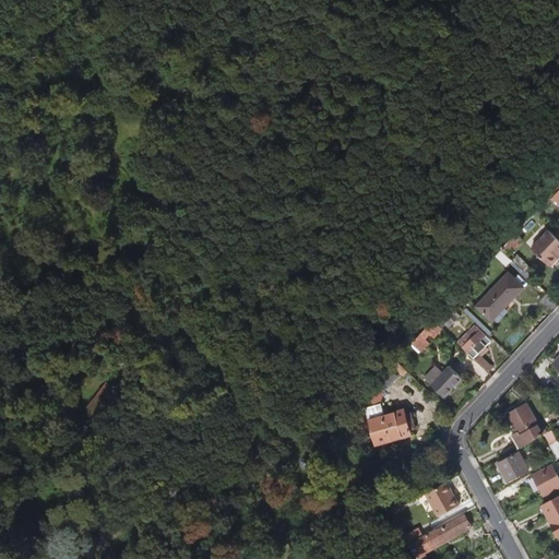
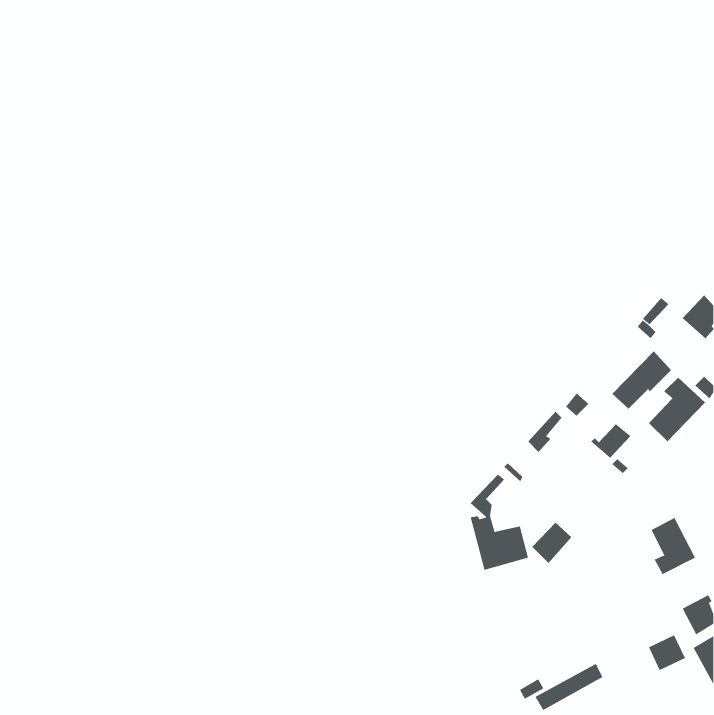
building: none -> [648,377,706,442]
building: [432,365,464,397] -> [532,522,572,564]
building: [496,450,525,478] -> [648,634,686,671]
building: [425,481,459,516] -> none

